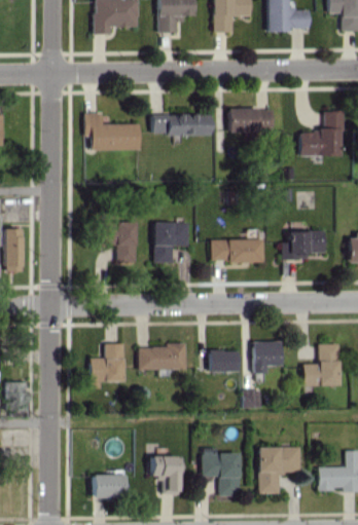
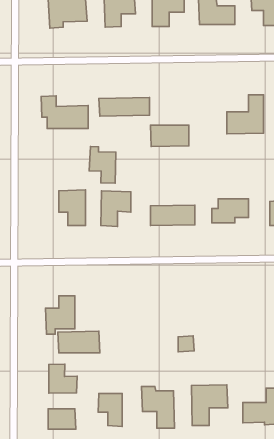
building: [229,108,274,133] -> [150,125,189,147]
building: none -> [89,146,116,183]
building: [253,341,282,373] -> none
building: [303,343,339,385] -> none
building: [138,344,186,369] -> [58,331,100,353]
building: [210,350,239,372] -> none
building: none -> [49,364,77,393]

